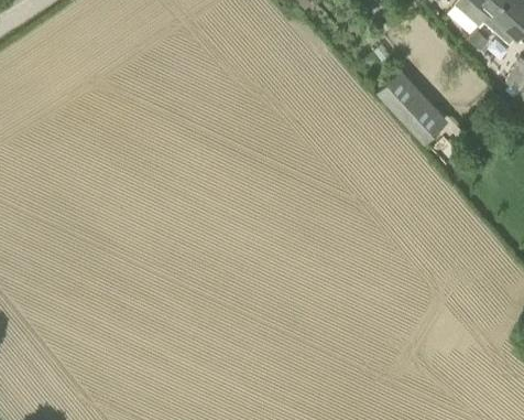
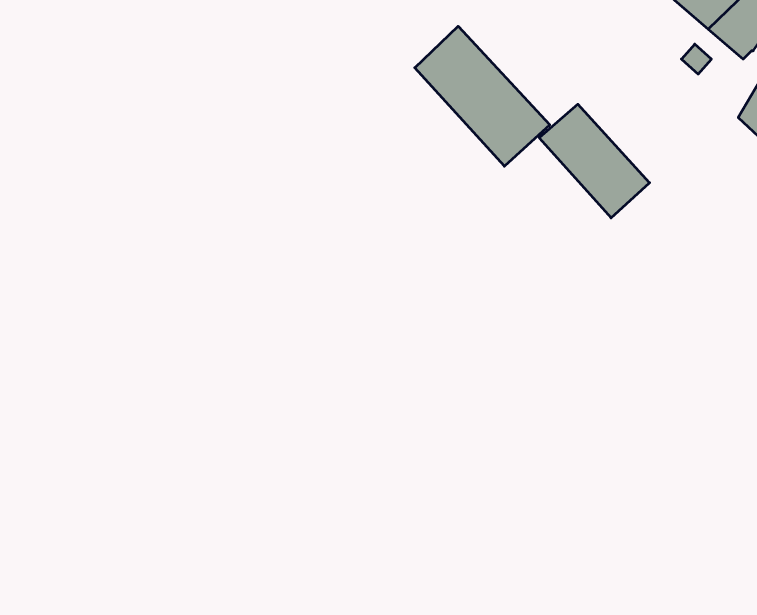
building: none -> [415,26,550,166]

